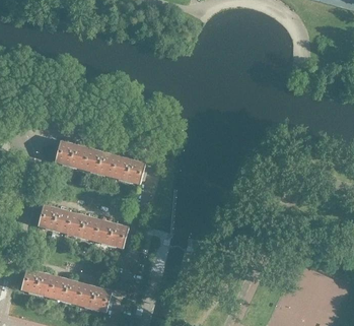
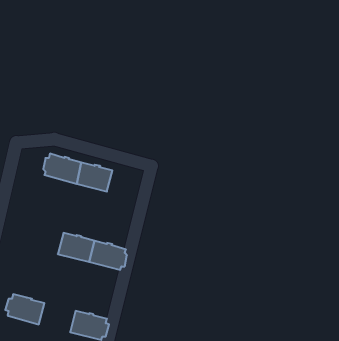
building: [108,155,143,183] -> none
building: [32,204,68,232] -> none
building: [46,276,79,303] -> none

